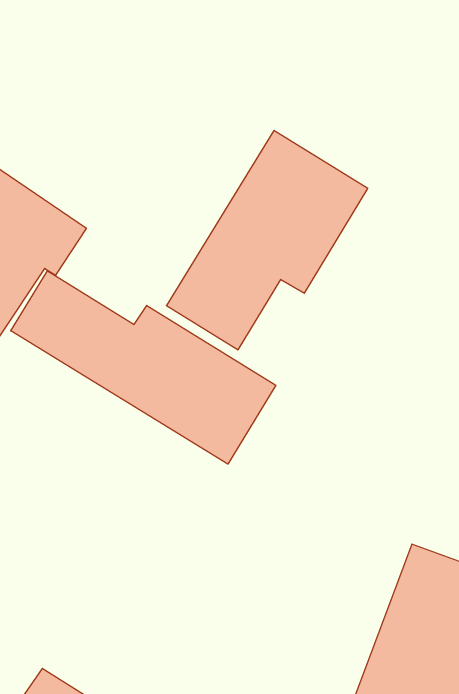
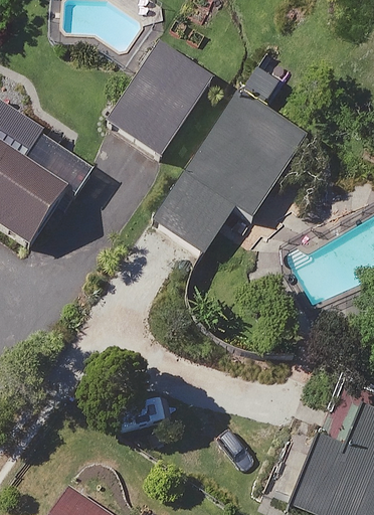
building: none -> [106,40,211,156]
building: [11,271,276,464] -> none

